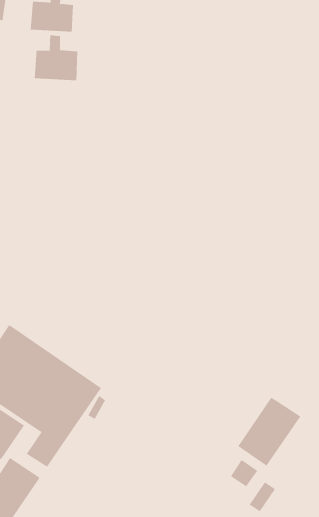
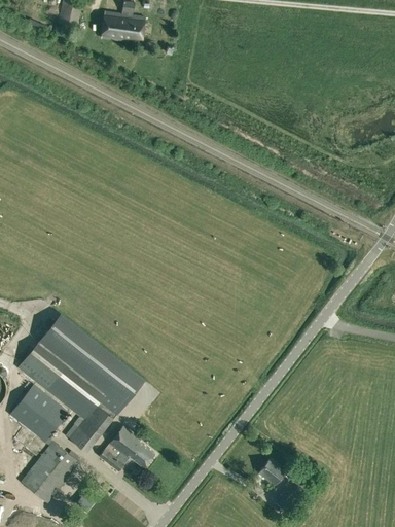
building: [34,35,78,81] -> none
building: [238,397,301,466] -> none
building: none -> [99,425,154,470]

